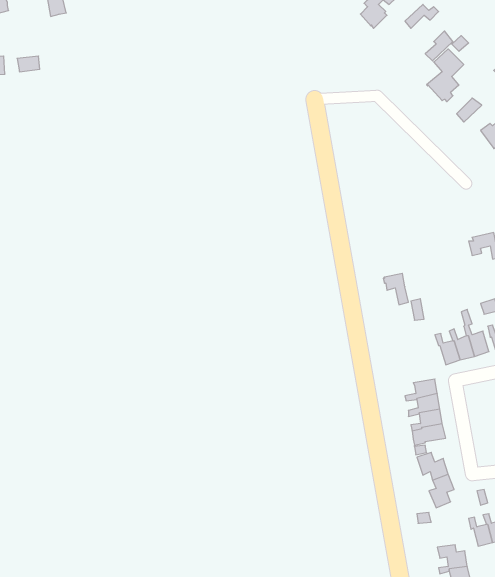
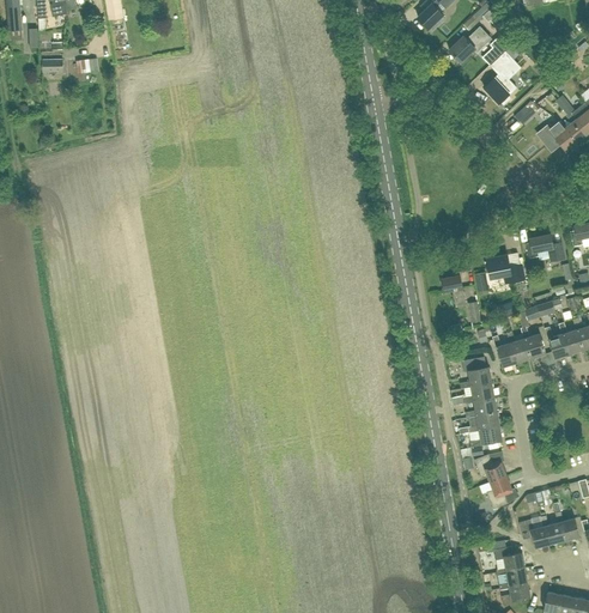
building: none -> [449,28,491,62]
building: none -> [486,254,524,283]
building: none -> [460,357,492,388]

